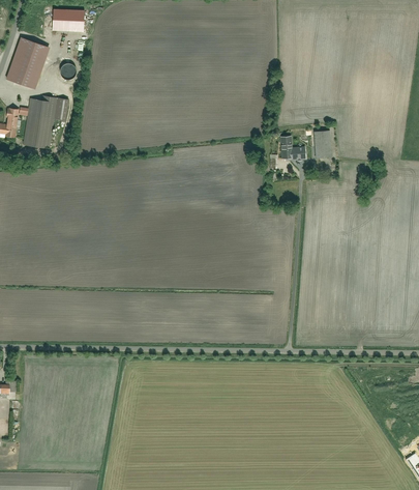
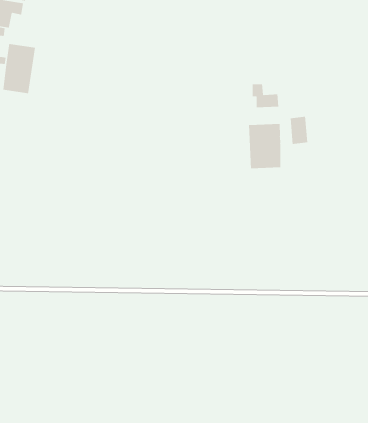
building: [312,132,331,161] -> [290,116,308,144]
building: none -> [249,123,281,169]

